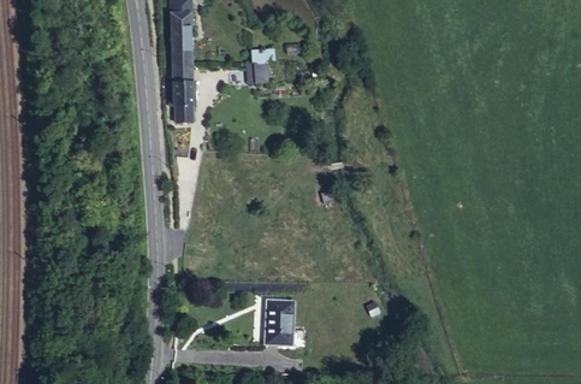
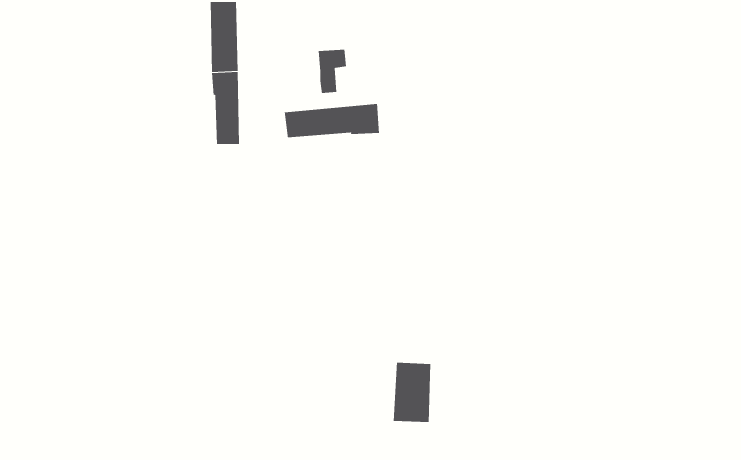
building: none -> [284,103,379,138]
building: [265,299,294,344] -> [393,362,431,423]

